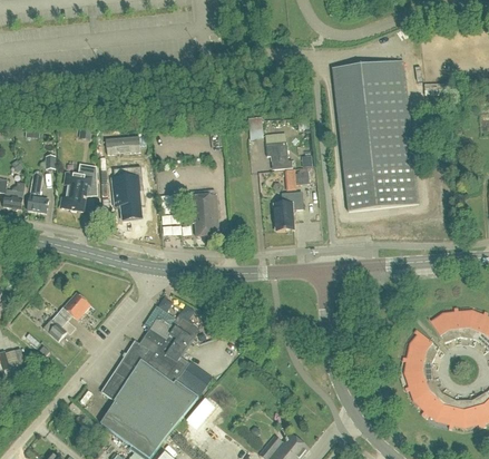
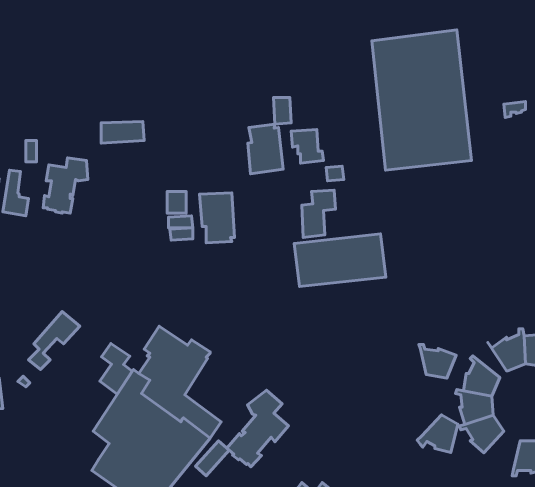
building: none -> [248,124,283,174]
building: [343,167,419,211] -> [294,234,386,286]
building: [111,175,145,219] -> none
building: none -> [100,344,132,394]
building: none -> [419,344,456,378]
building: none -> [227,390,289,467]
building: [421,391,454,422] -> [417,415,458,452]

